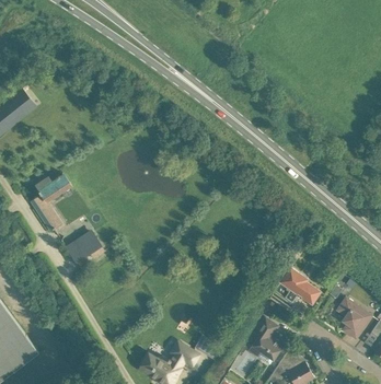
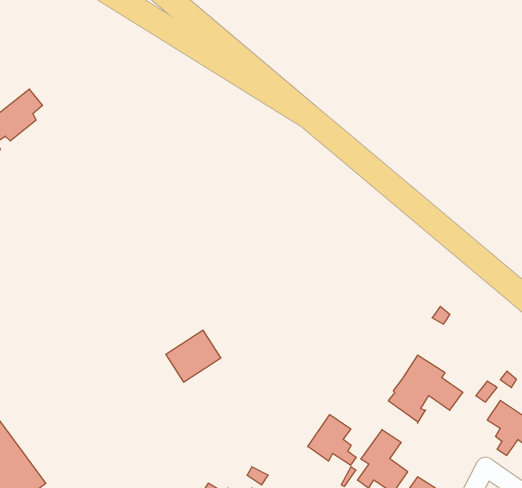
building: [32,174,72,231] -> none
building: [67,231,104,266] -> [166,330,221,382]
building: none -> [308,415,356,465]

